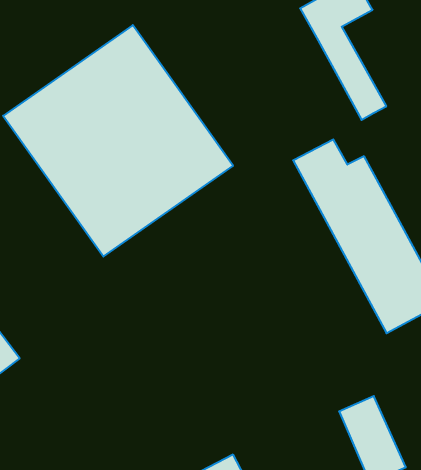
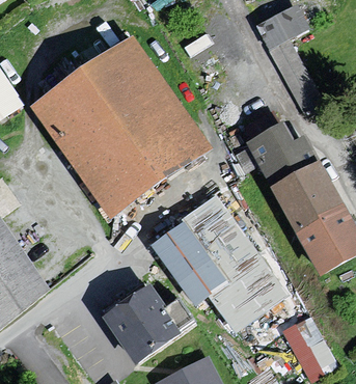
building: none -> [155,200,283,326]
building: none -> [106,285,192,359]

